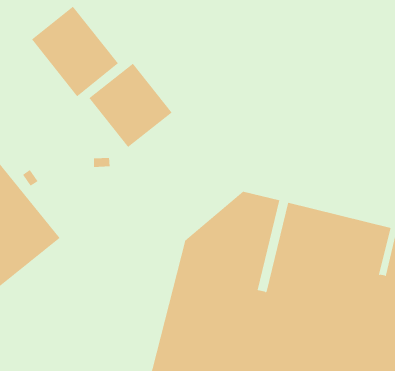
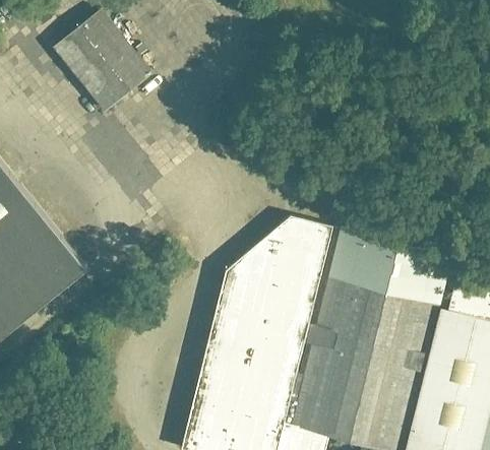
building: [88,63,172,148] -> none

